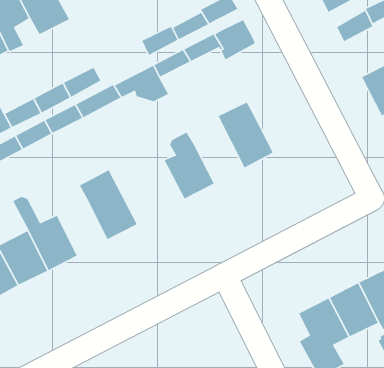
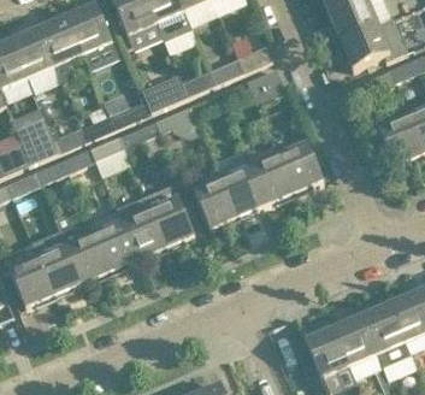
building: none -> [142,73,188,111]
building: none -> [278,142,323,191]
building: none -> [216,149,266,216]
building: none -> [143,183,194,247]
building: none -> [94,220,137,271]

